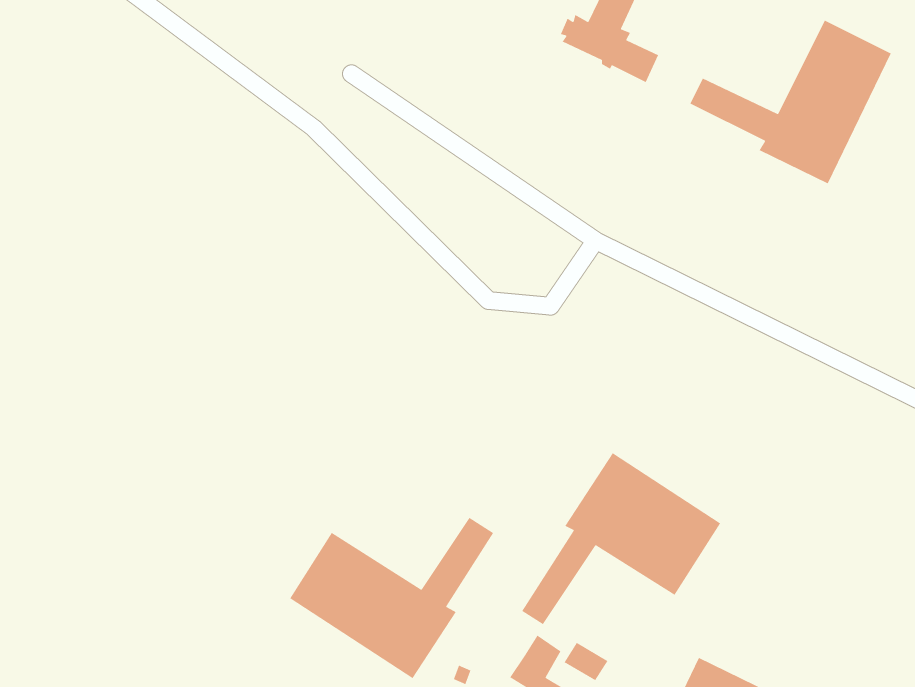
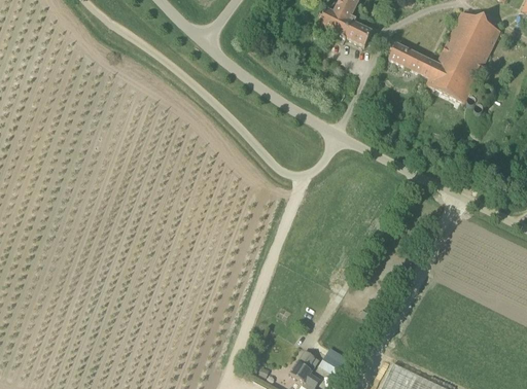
building: [521,452,721,625] -> none
building: [289,517,494,679] -> none

